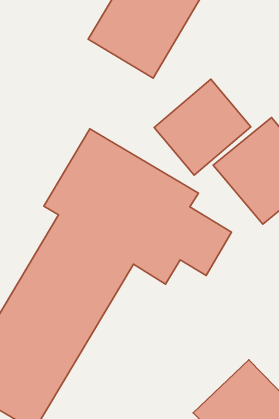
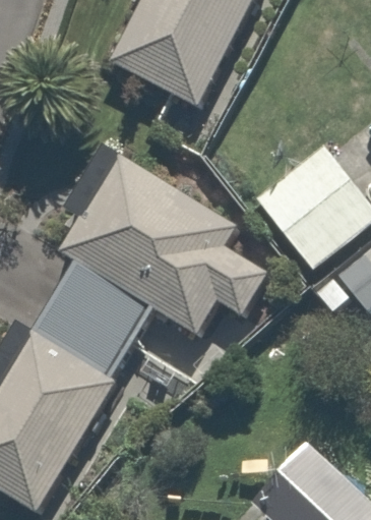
building: [154,79,251,175] -> none

